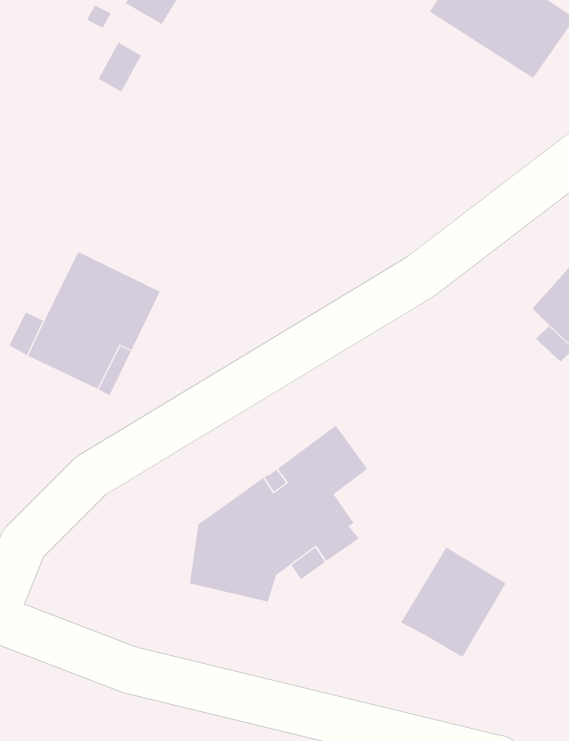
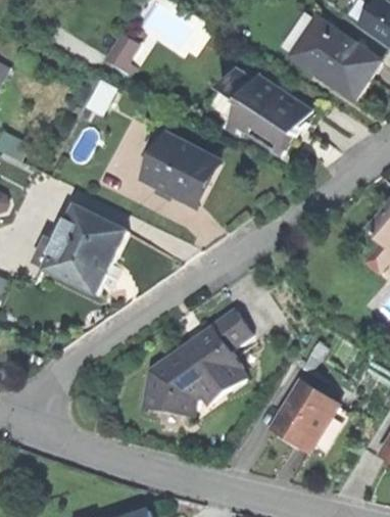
building: none -> [221,68,313,153]
building: none -> [144,135,213,203]

